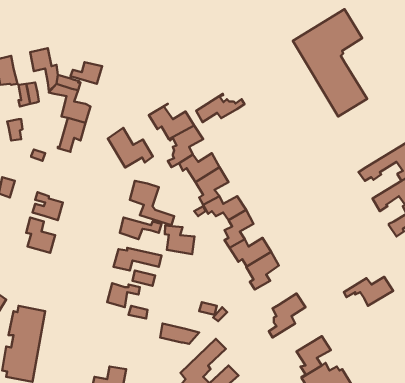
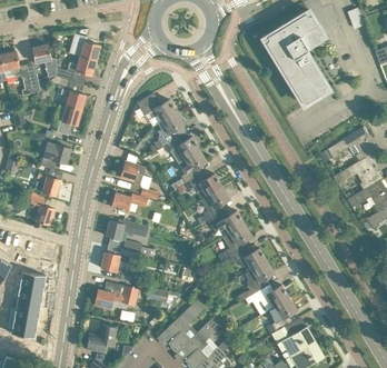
building: none -> [69,34,99,60]
building: [196,94,245,122] -> none
building: [108,128,153,168] -> none
building: none -> [39,142,69,170]
building: [165,226,195,254] -> none
building: [344,277,393,306] -> [245,286,288,311]
building: none -> [229,248,266,270]
building: none -> [93,281,137,309]

